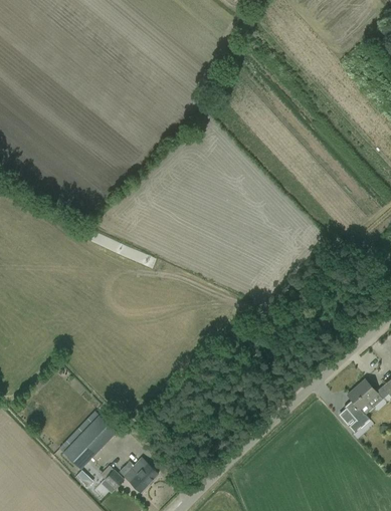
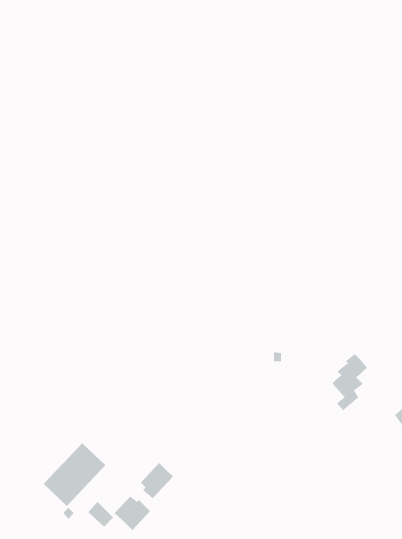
building: [344,379,377,433] -> [332,353,368,411]
building: none -> [140,462,174,499]

